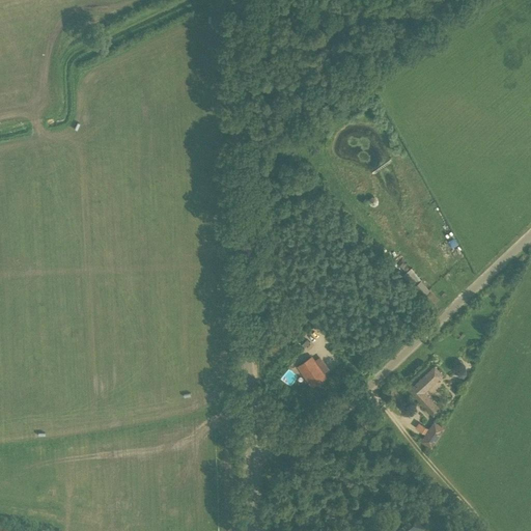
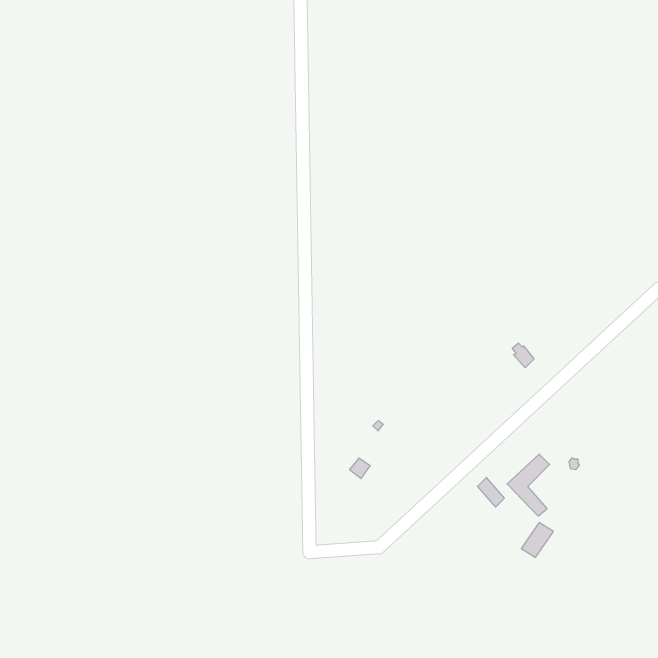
building: [297,355,327,387] -> none

